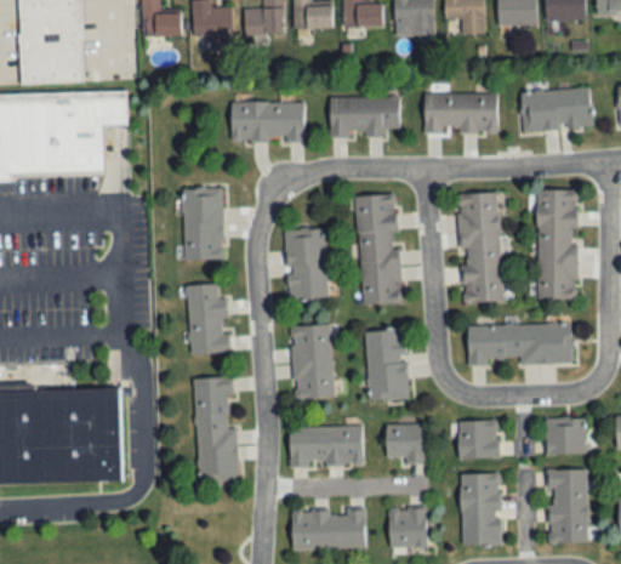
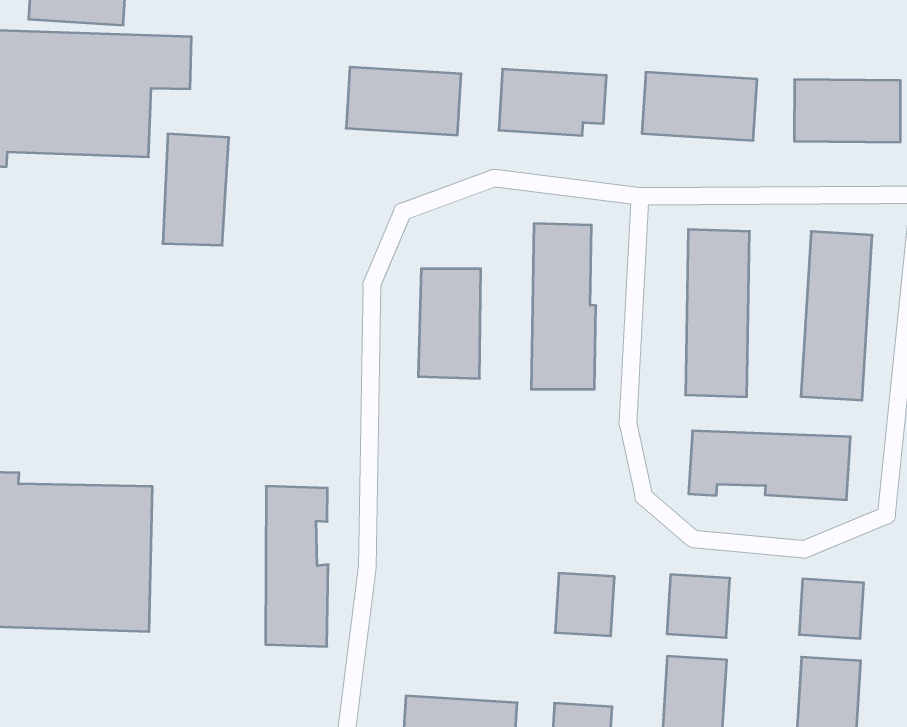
building: [183,188,223,260] -> [163,134,229,245]
building: [187,284,229,355] -> none
building: [290,325,334,399] -> none
building: [365,329,409,401] -> none
building: [290,426,363,466] -> none

